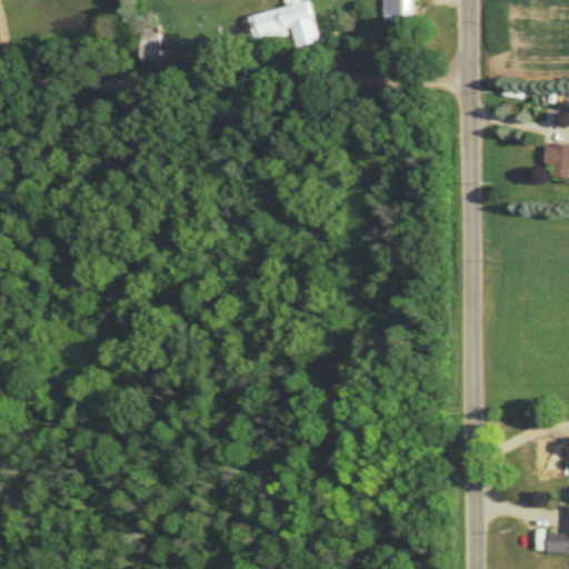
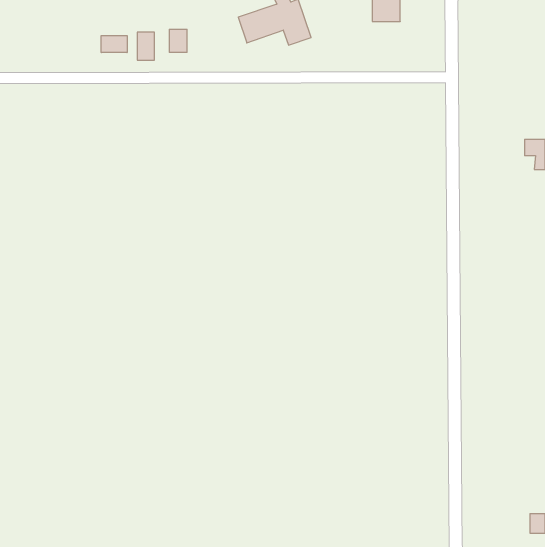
building: none -> [169,29,187,52]
building: none -> [101,36,127,53]

